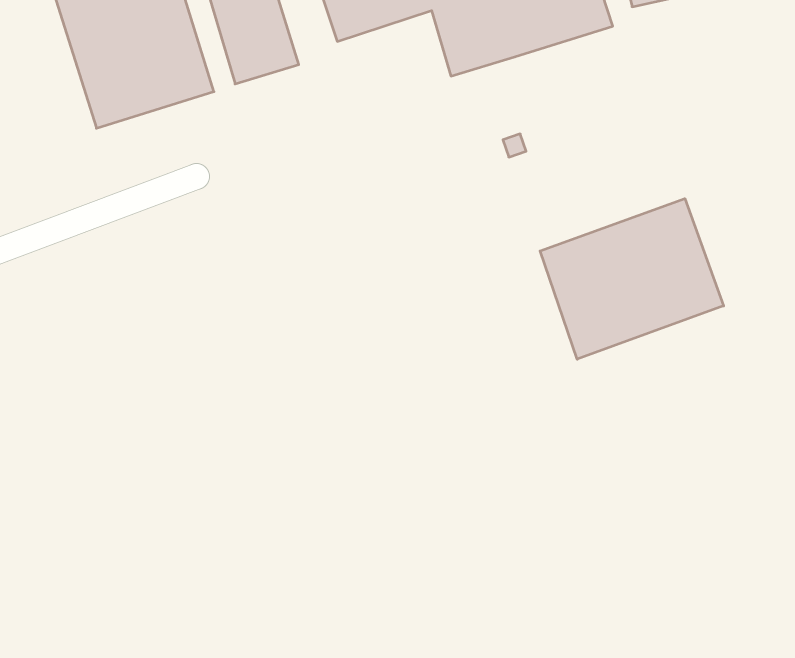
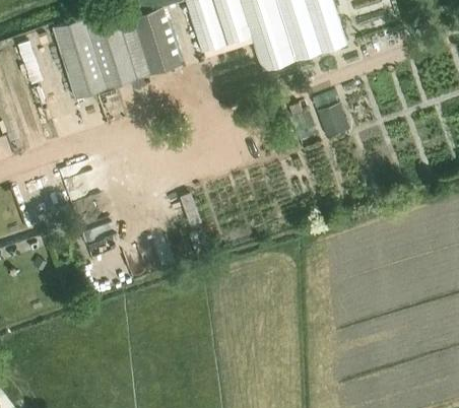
building: none -> [317,101,348,136]
building: [540,199,724,359] -> none

